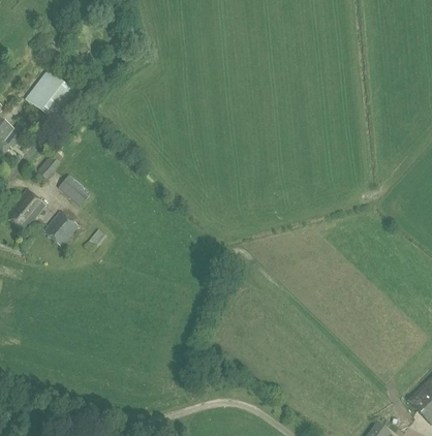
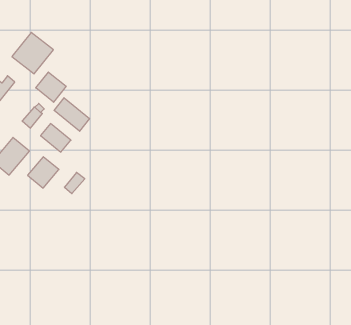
building: none -> [36,72,66,102]
building: none -> [54,98,90,131]

